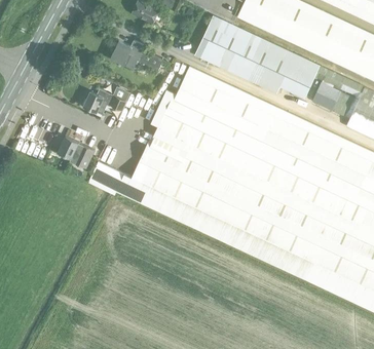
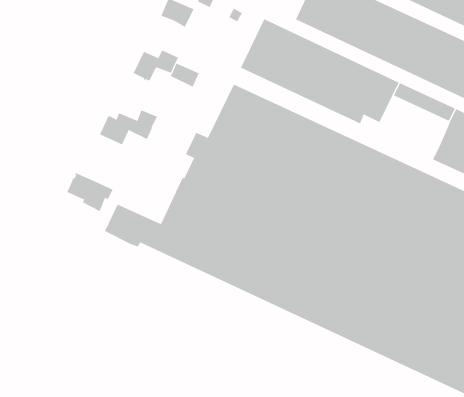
building: [312,82,359,118] -> none

